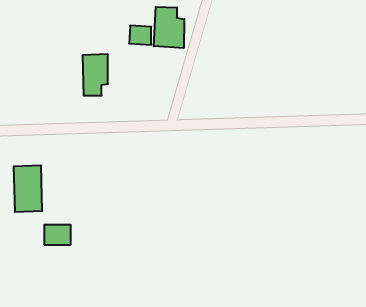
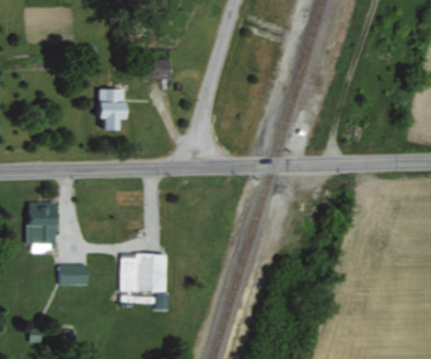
building: [154,7,184,48] -> none
building: none -> [119,253,165,292]

